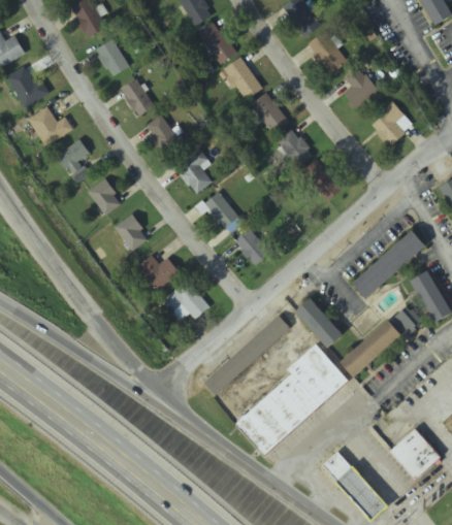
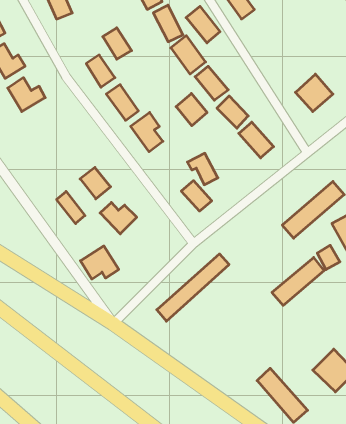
building: [308,31,348,74] -> [186,6,220,43]
building: [95,39,129,76] -> [103,28,132,59]
building: [343,65,378,108] -> none
building: none -> [176,93,207,126]
building: [57,139,89,183] -> none
building: [87,178,122,215] -> none
building: [200,190,236,227] -> [187,153,218,185]
building: none -> [57,191,85,224]
building: [162,280,207,319] -> [80,246,119,279]
building: [296,296,343,346] -> none
building: [235,343,348,454] -> none

